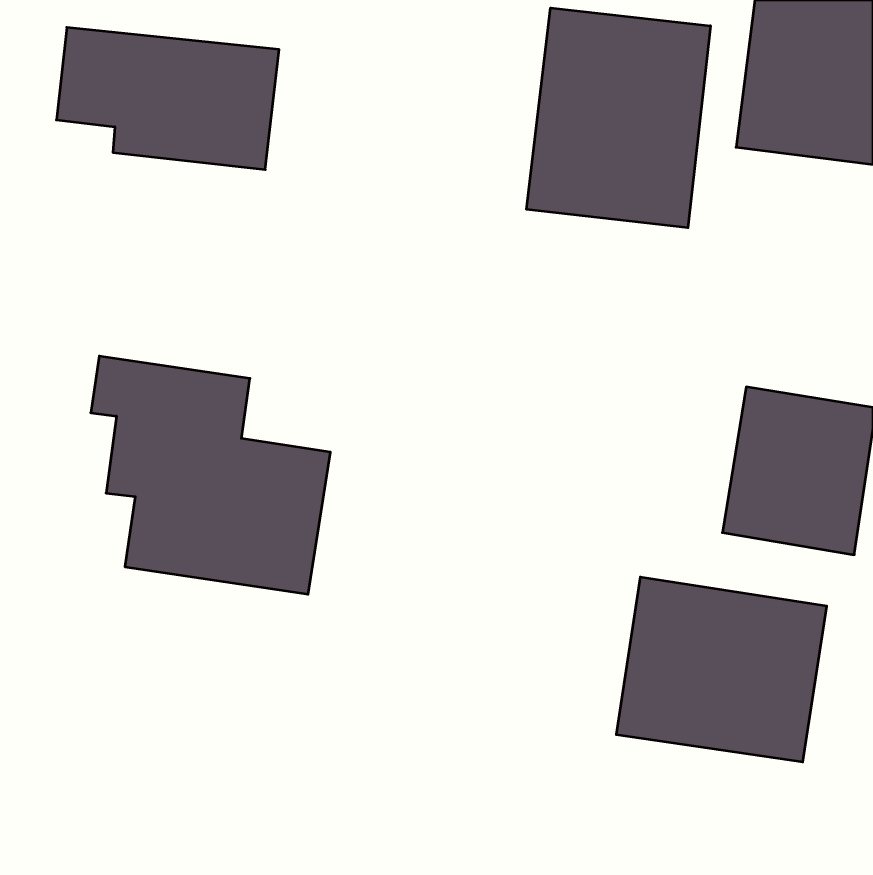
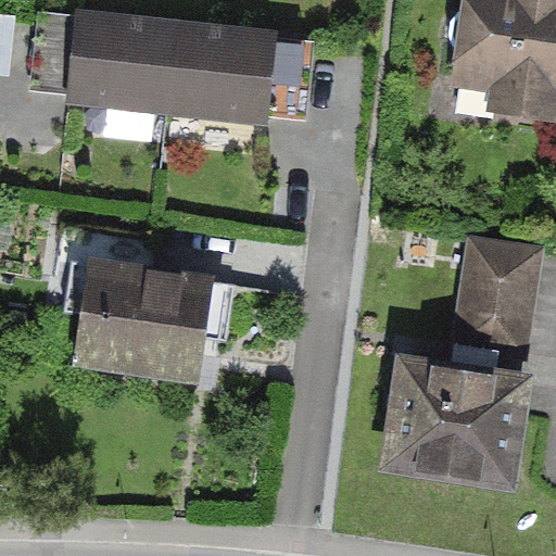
building: [527,8,710,228] -> none
building: none -> [168,31,313,119]

